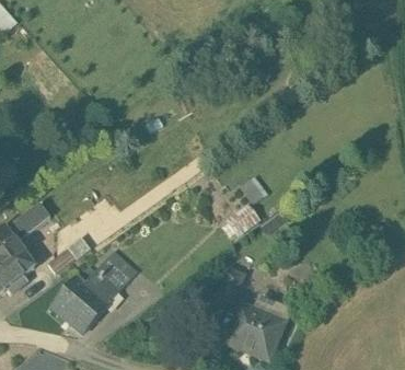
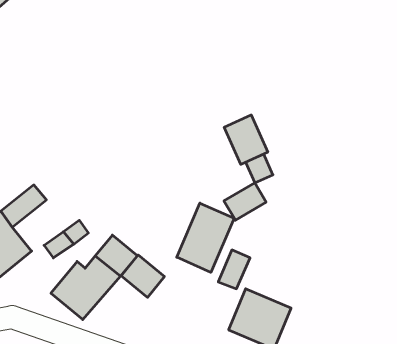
building: none -> [224,115,268,164]
building: none -> [177,203,234,272]
building: none -> [121,255,164,297]

